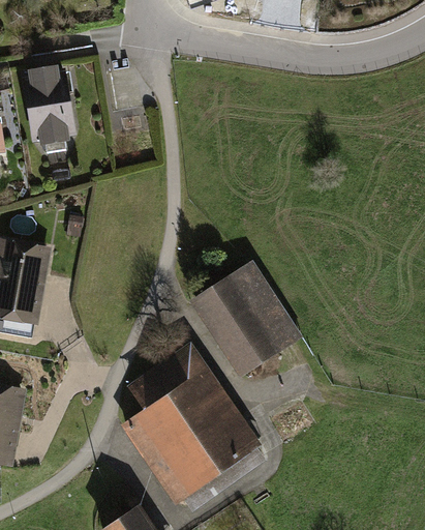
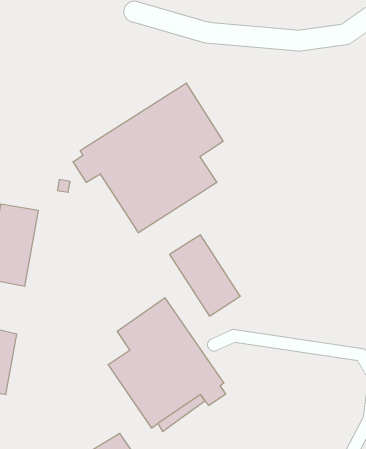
building: [25,66,73,141] -> none
building: none -> [73,83,223,233]
building: [232,263,297,347] -> none

